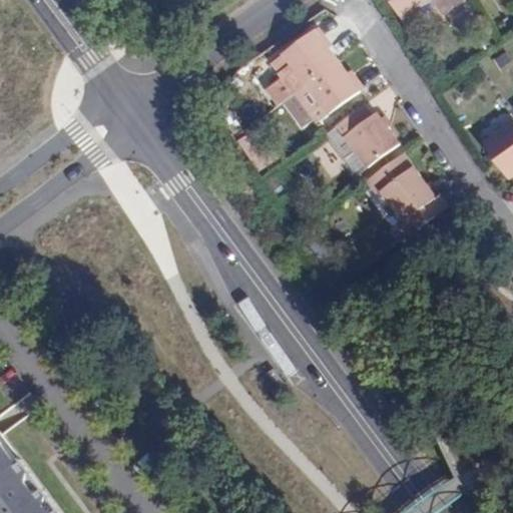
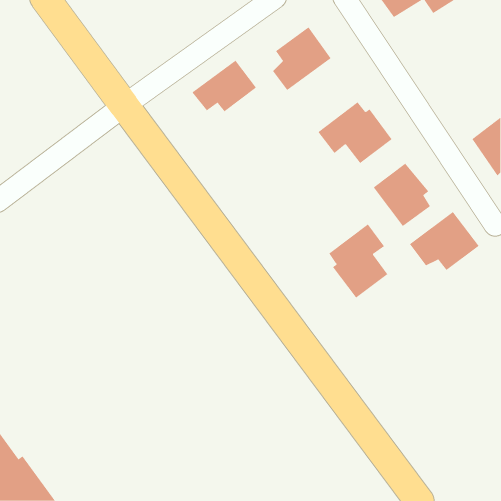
building: [292,59,358,112] -> [192,60,257,112]
building: none -> [409,211,479,271]
building: none -> [328,224,388,298]

